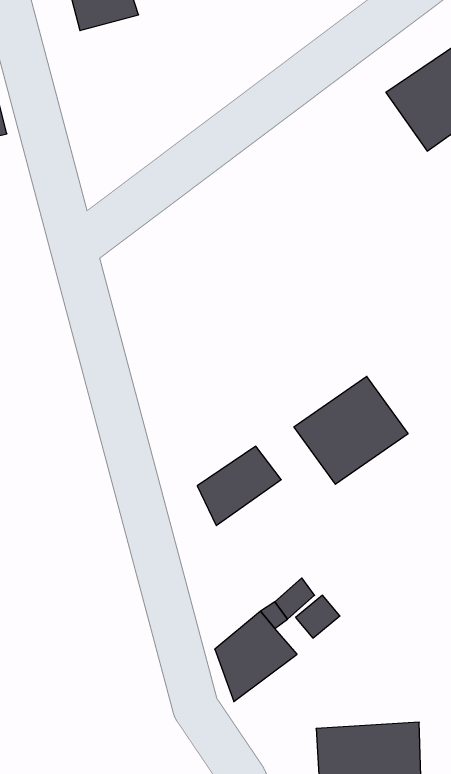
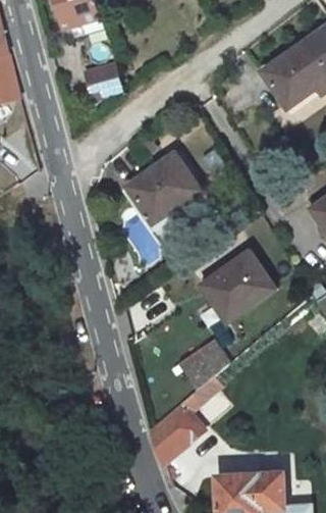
building: none -> [87,62,123,97]
building: none -> [128,154,202,223]
building: [197,446,281,526] -> [179,339,233,390]

